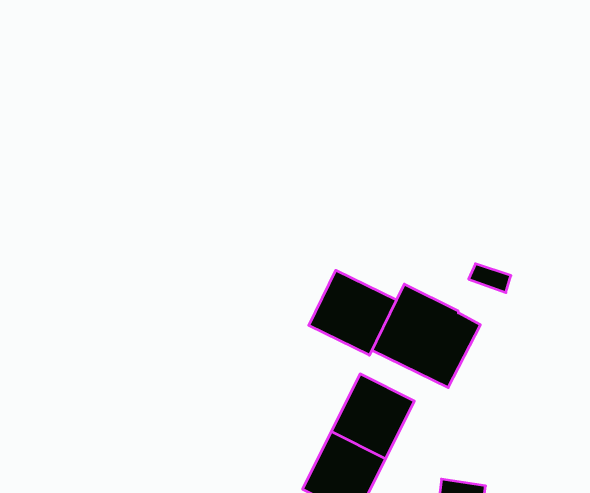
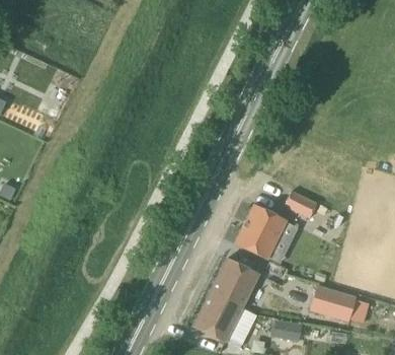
building: [309,270,396,355] -> none
building: none -> [309,285,356,322]

